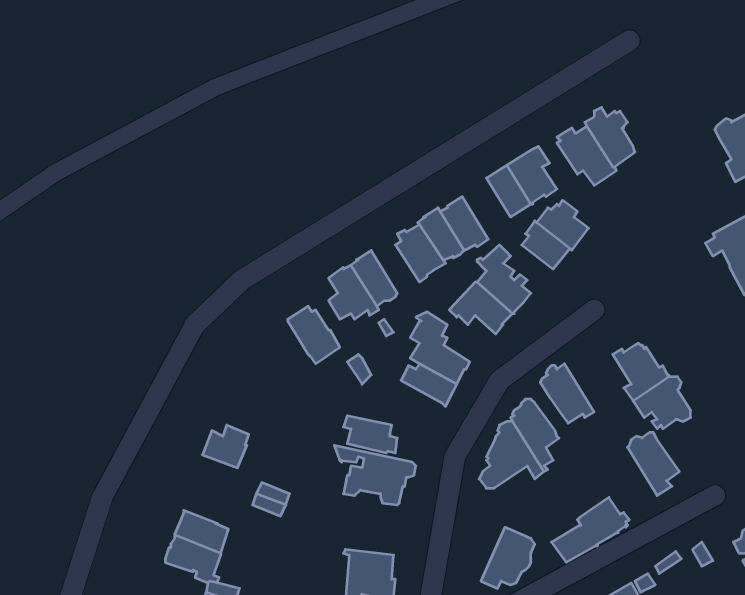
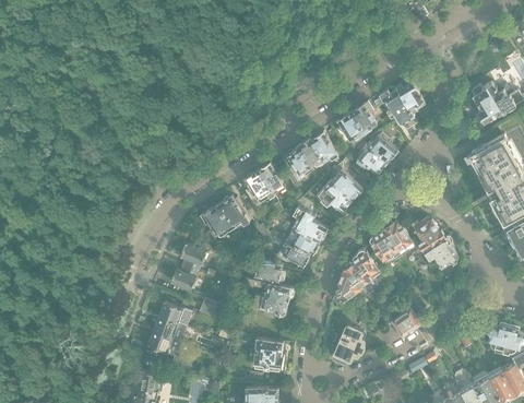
building: none -> [199,205,231,239]
building: none -> [180,240,206,272]
building: none -> [276,240,310,268]
building: [627,432,679,496] -> [382,222,413,259]
building: none -> [158,303,191,327]

